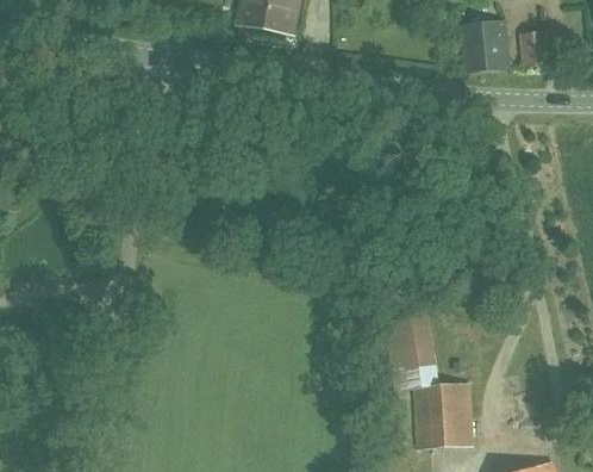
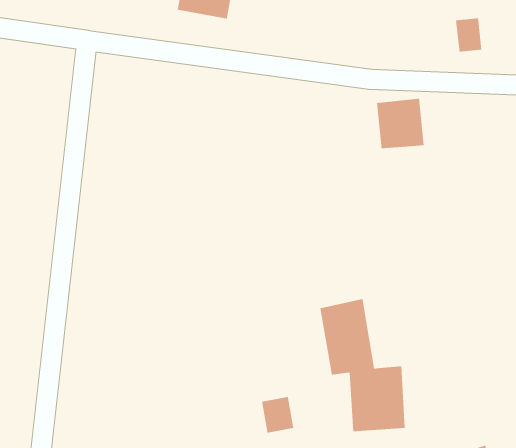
building: [460,19,508,70] -> [376,98,424,149]
building: none -> [262,396,294,434]

